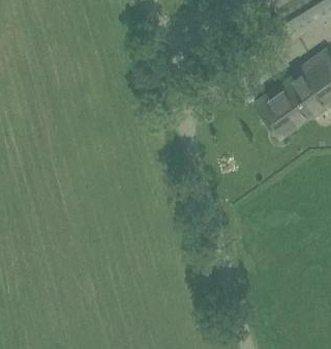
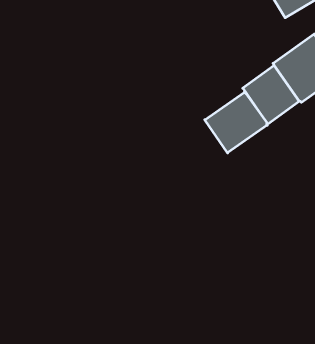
building: none -> [205,92,267,153]

